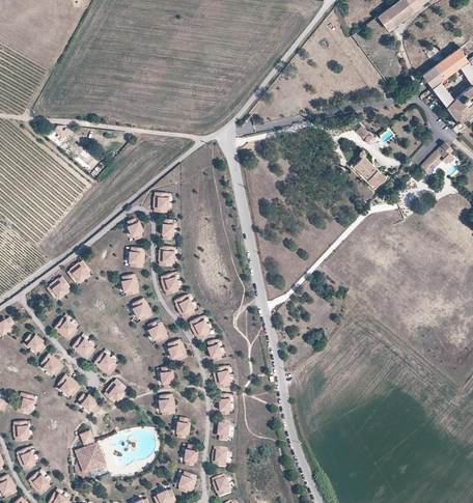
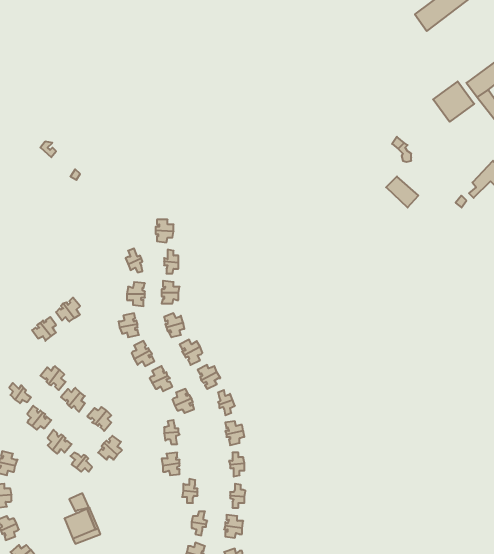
building: none -> [433,81,474,122]

